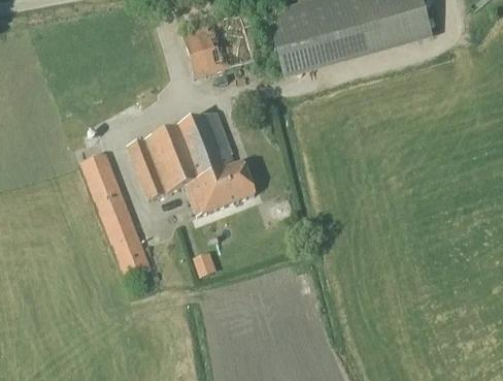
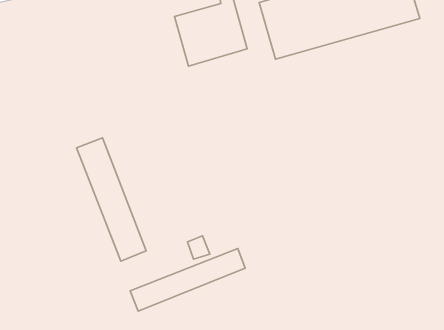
building: [126,112,255,216] -> none
building: none -> [130,249,245,311]

